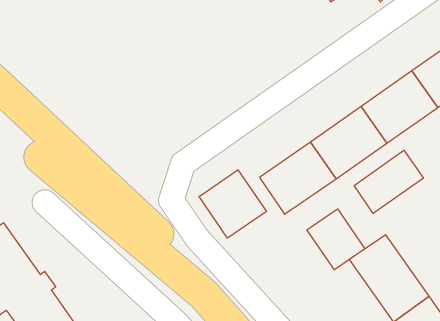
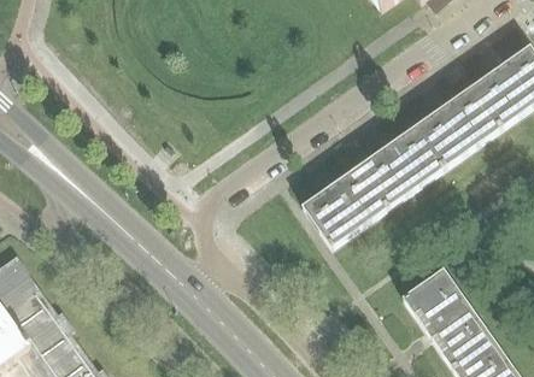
building: [354,150,423,213] -> none
building: [199,170,266,238] -> none
building: [307,209,365,270] -> none

